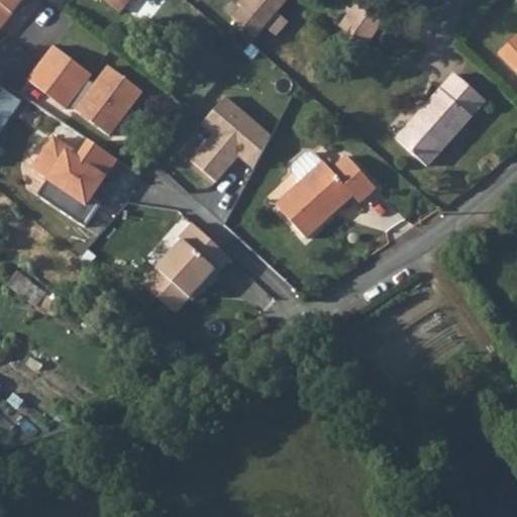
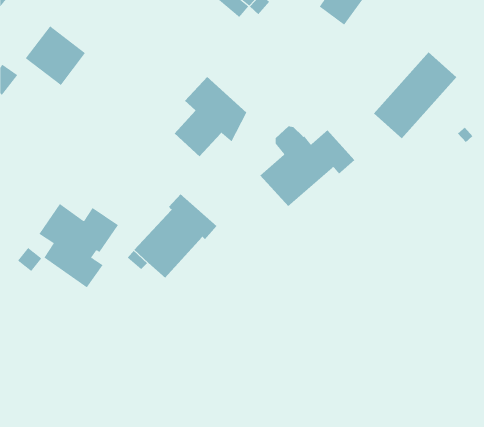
building: [70,67,137,136] -> none
building: [32,135,117,225] -> [39,203,119,288]

